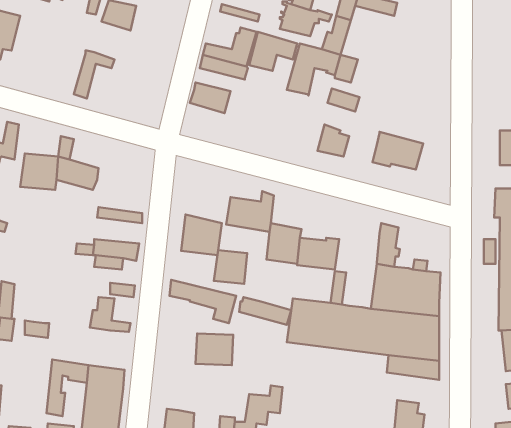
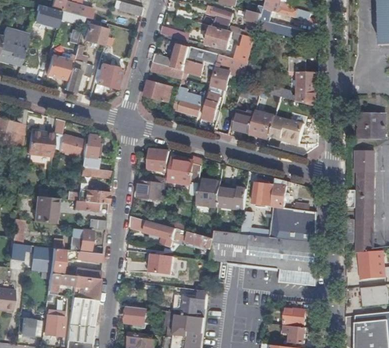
building: none -> [45,55,72,79]
building: none -> [94,62,120,88]
building: none -> [267,72,316,106]
building: none -> [173,86,202,116]
building: none -> [202,86,224,121]
building: none -> [249,110,274,137]
building: none -> [80,134,97,169]
building: none -> [252,183,274,205]
building: none -> [33,196,56,223]
building: [214,250,247,284] -> [145,148,168,171]
building: none -> [48,248,101,279]

